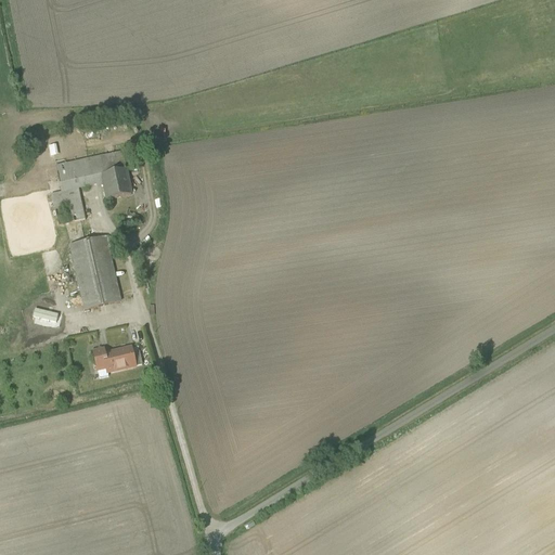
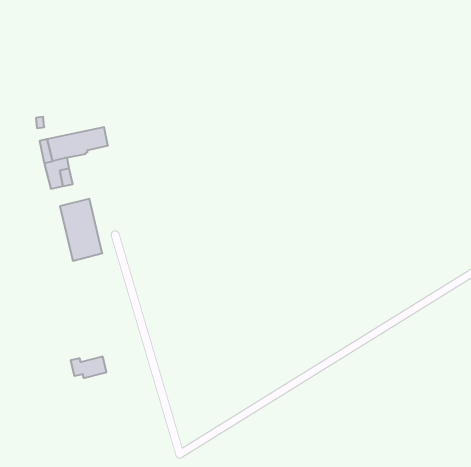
building: [103,171,131,197] -> none
building: [93,345,135,370] -> [71,357,106,378]

